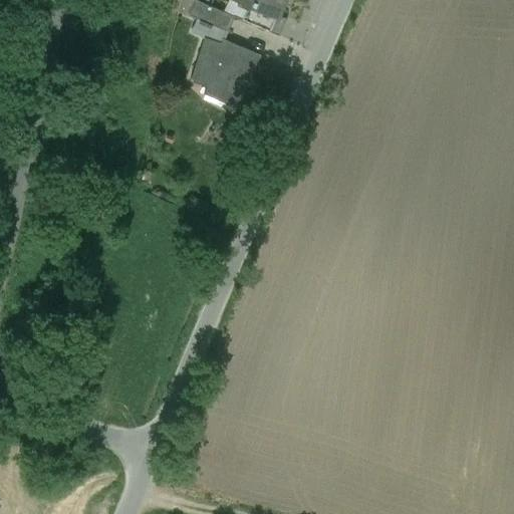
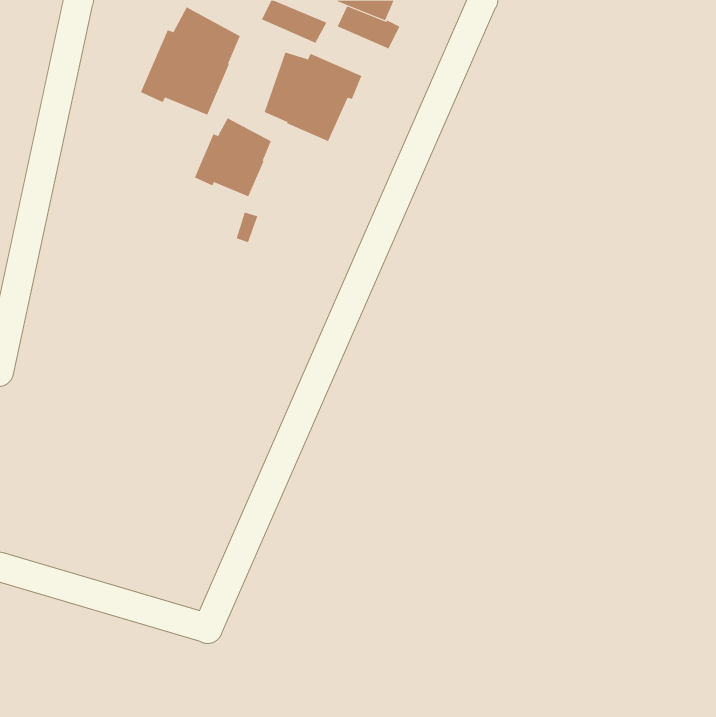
building: none -> [140,6,240,115]
building: none -> [194,118,272,197]

